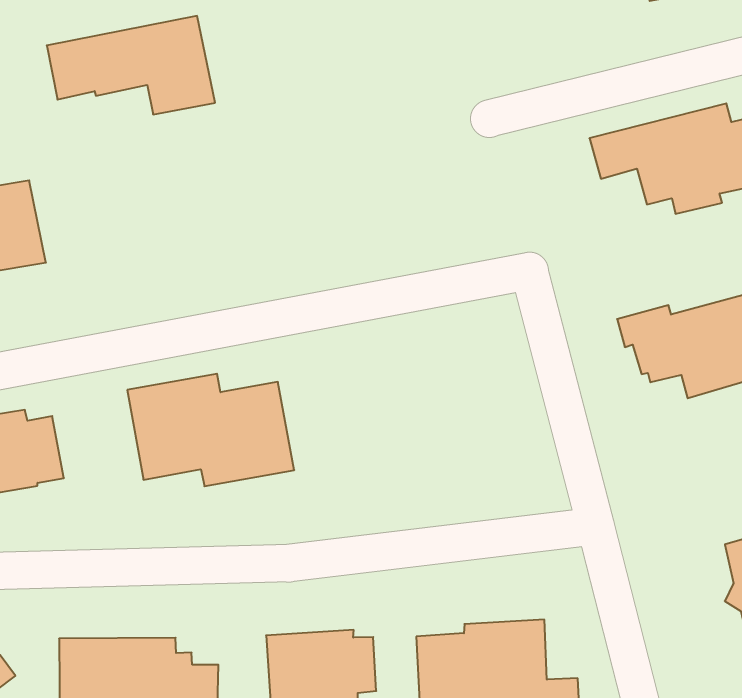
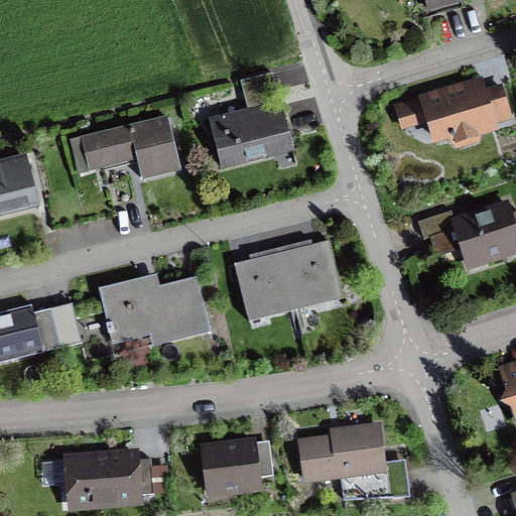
building: [47,16,215,114] -> [70,113,182,179]
building: none -> [209,71,295,167]
building: none -> [235,239,341,312]
building: none -> [50,301,82,347]

